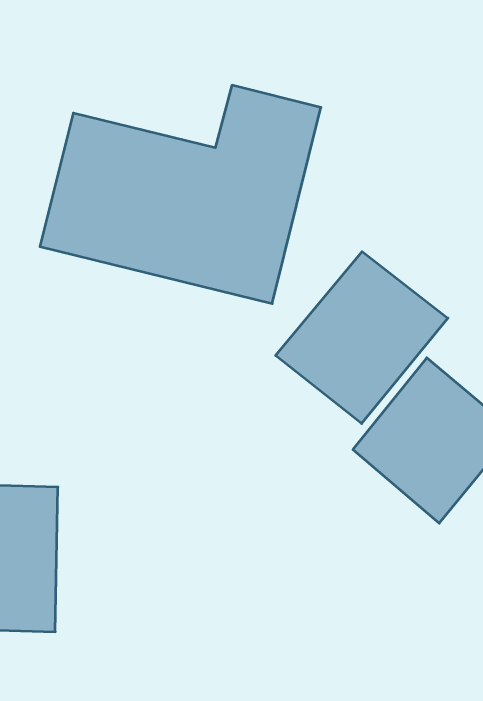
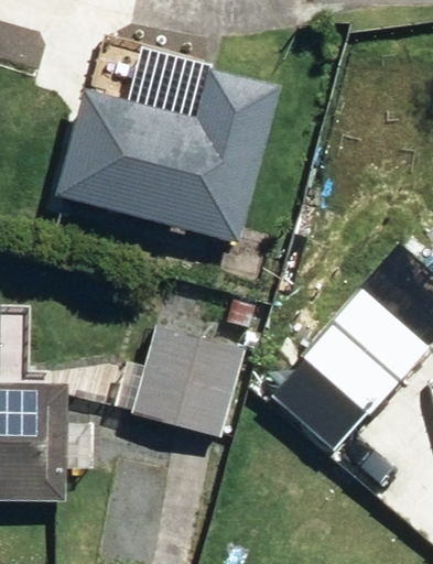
building: [276,252,448,424] -> none
building: none -> [132,325,246,435]

